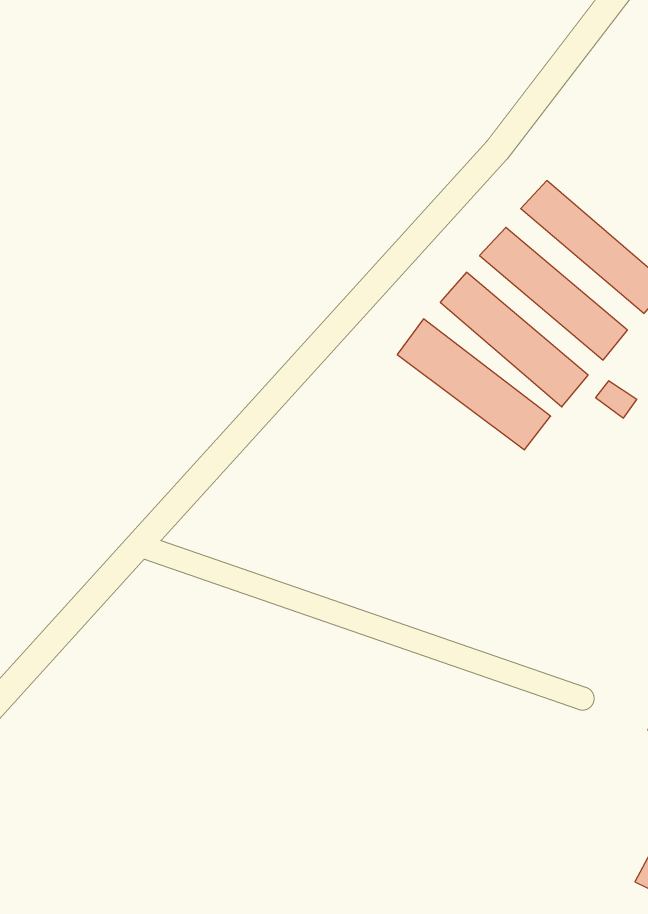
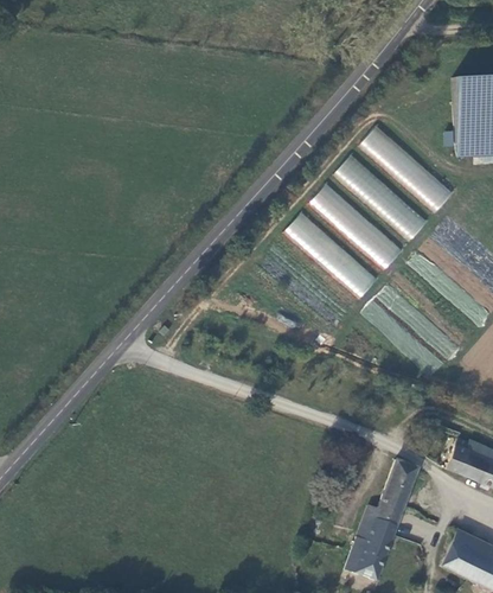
building: none -> [341,463,415,582]

